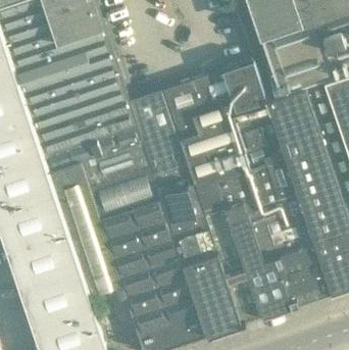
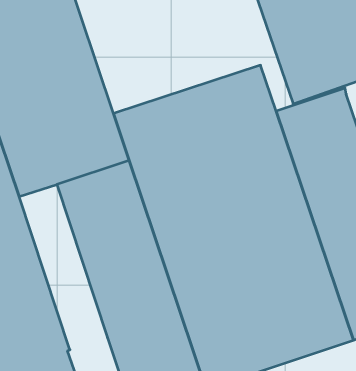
building: [48,162,122,302] -> none

